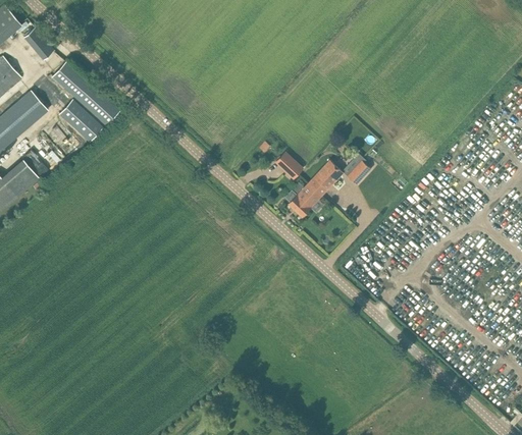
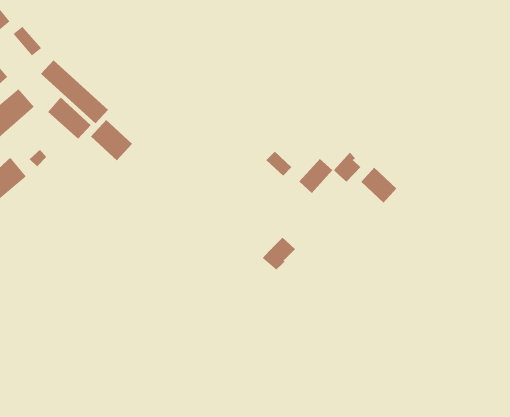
building: none -> [90,119,133,161]
building: none -> [360,167,397,203]
building: [289,183,322,217] -> [262,237,296,271]

